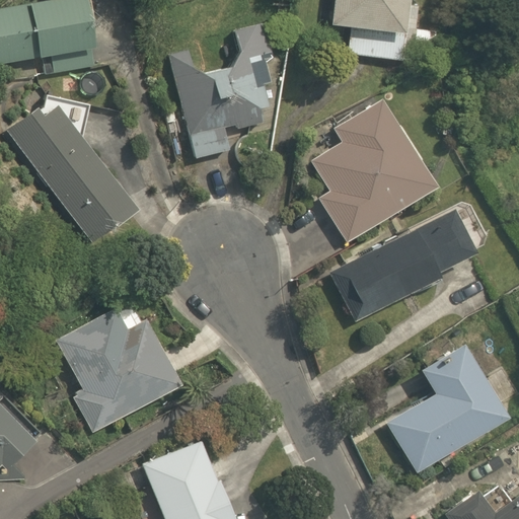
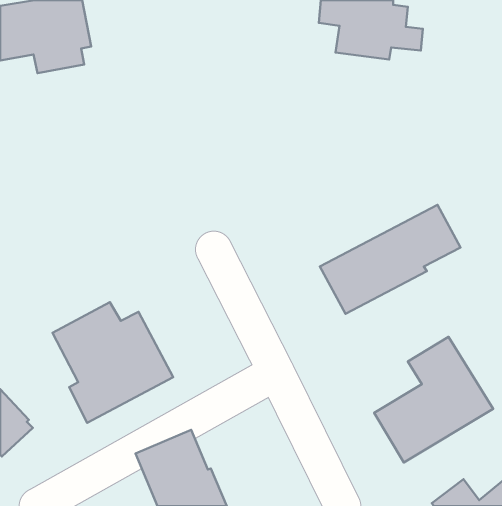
building: [170,23,274,160] -> none
building: [9,96,136,241] -> none
building: [312,98,436,241] -> none

